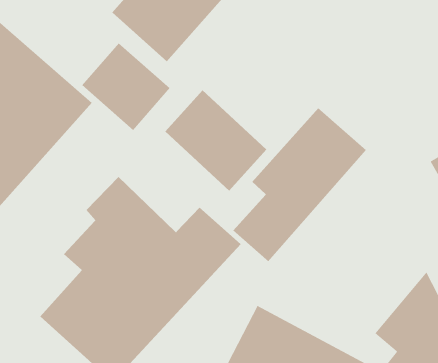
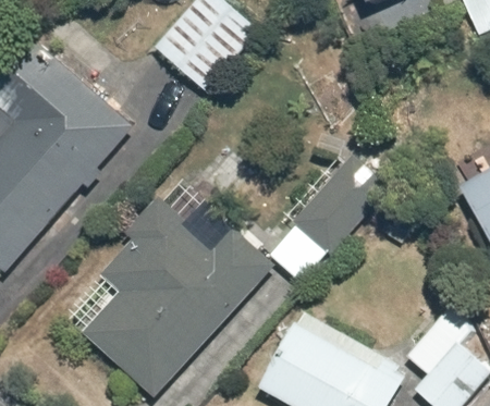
building: [82,42,170,131] -> none
building: [164,90,267,192] -> none

